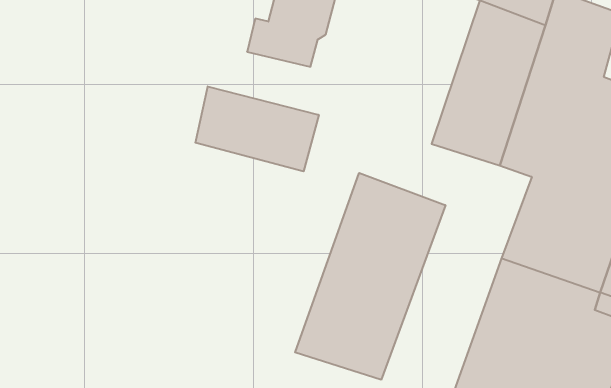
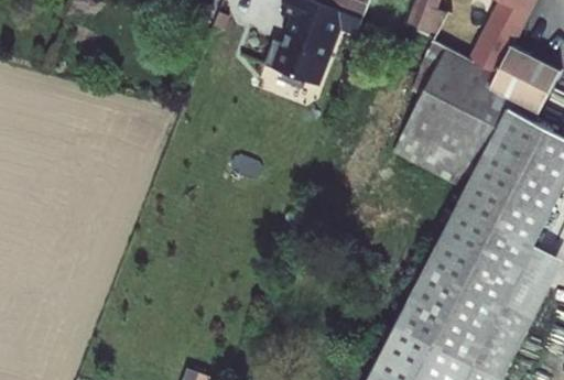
building: [195,86,319,171] -> none
building: [295,173,445,380] -> none

